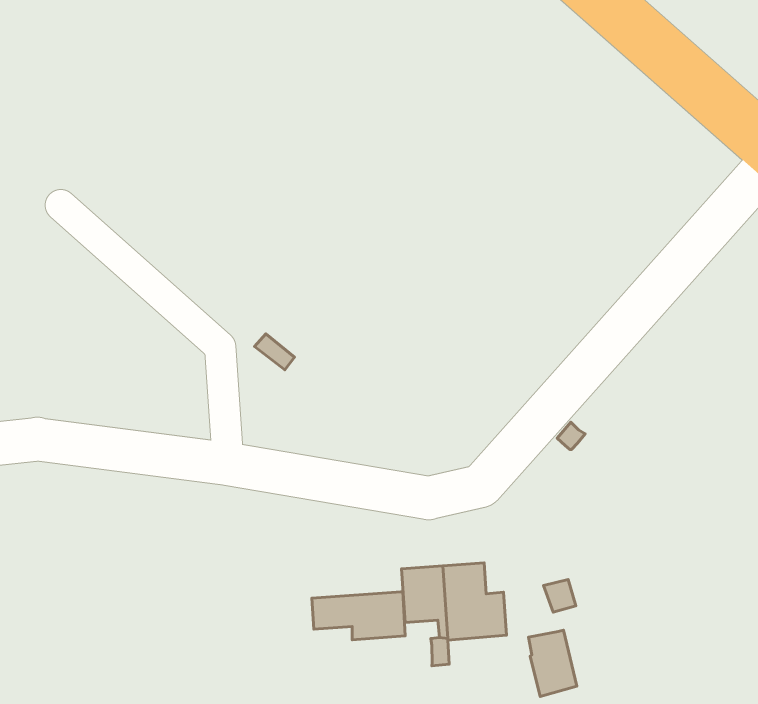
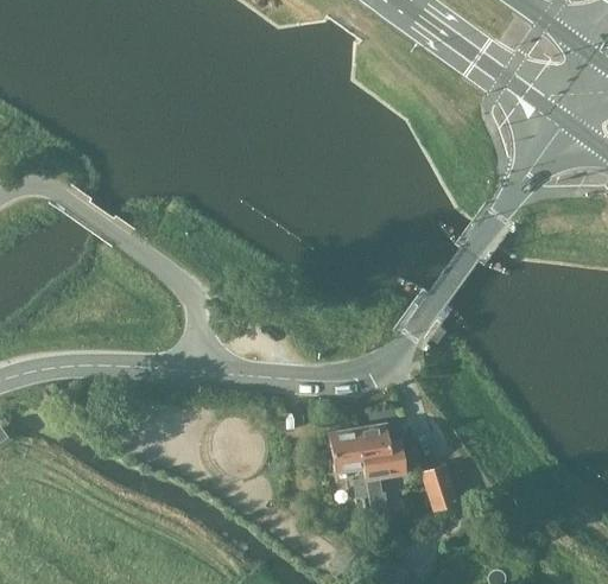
building: [312,592,405,640] -> none

